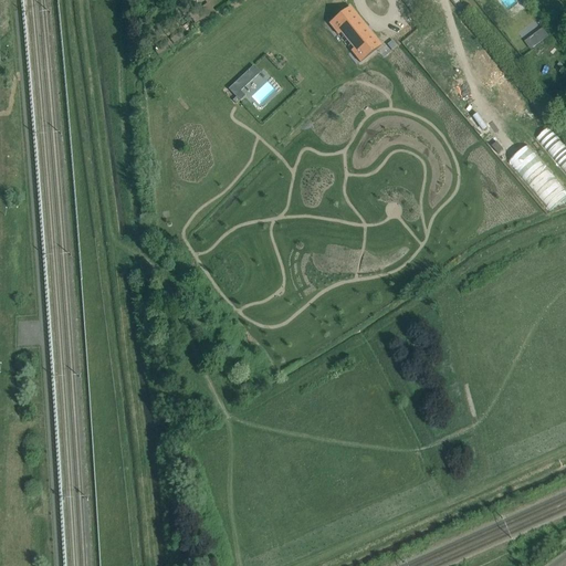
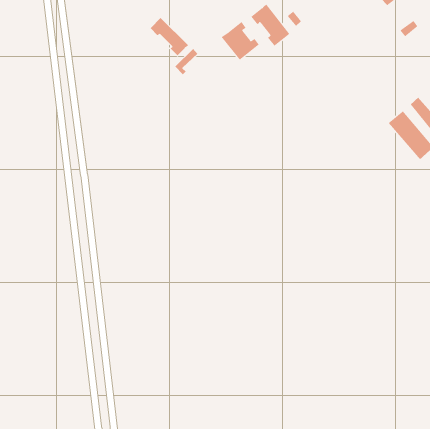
building: none -> [150,17,189,56]
building: none -> [221,21,260,61]

